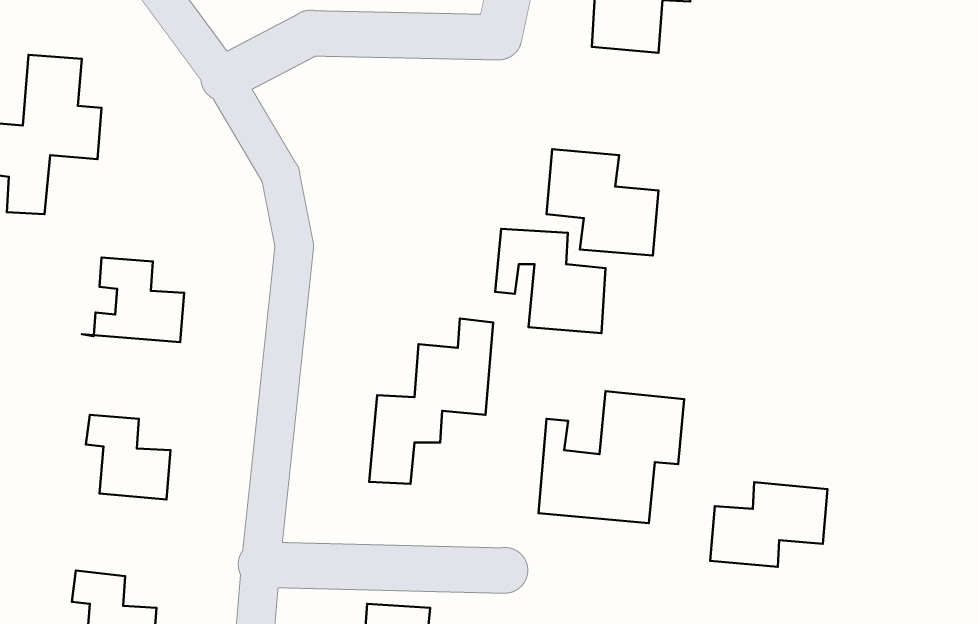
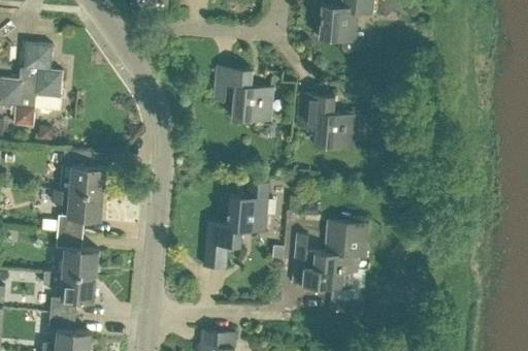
building: [495,229,605,333] -> [213,66,271,121]
building: none -> [52,189,104,233]
building: [710,482,828,567] -> none
building: none -> [41,272,97,316]

